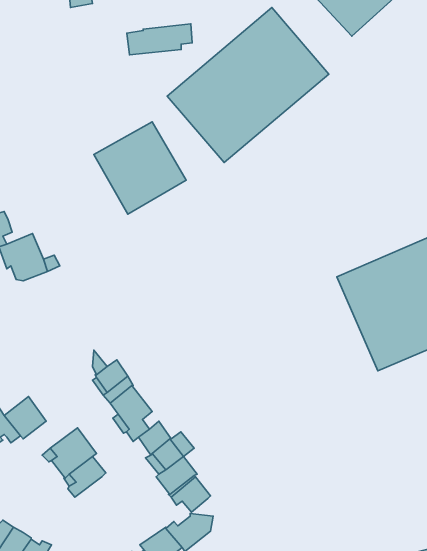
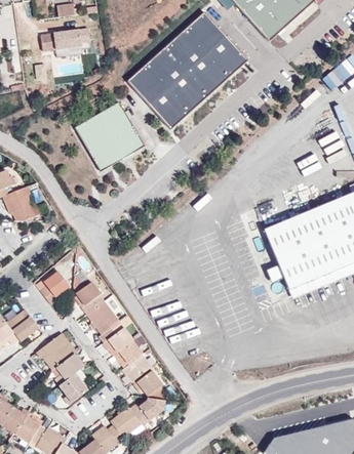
building: [127,24,192,55] -> [40,28,89,51]
building: none -> [40,272,69,304]
building: none -> [58,370,87,405]

